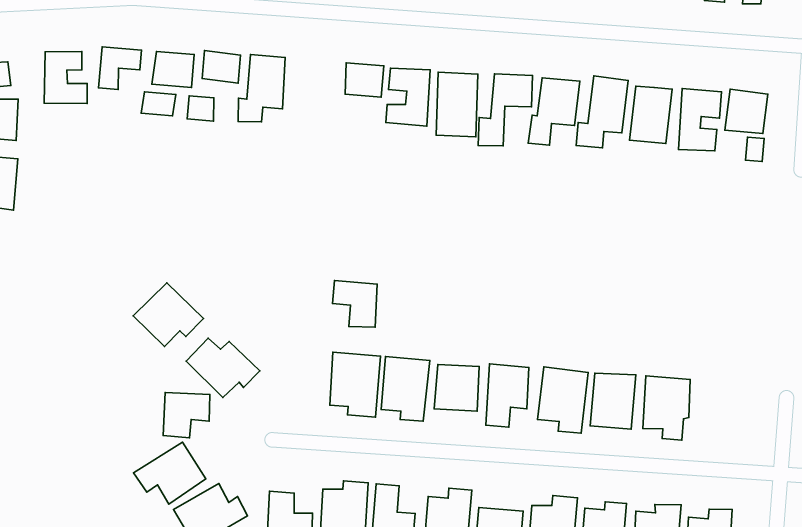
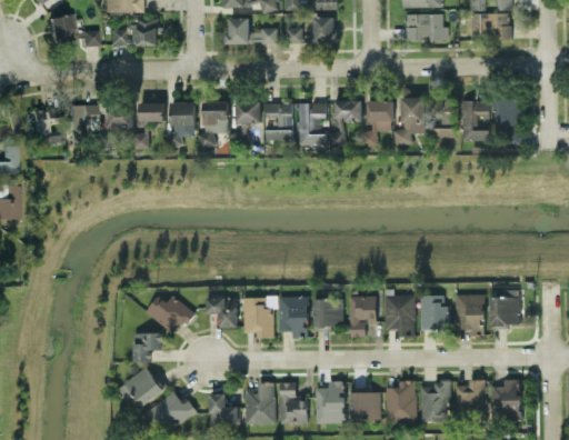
building: none -> [199,101,230,147]
building: [332,280,377,327] -> [208,298,238,328]
building: [133,283,203,346] -> none
building: none -> [490,289,520,327]

